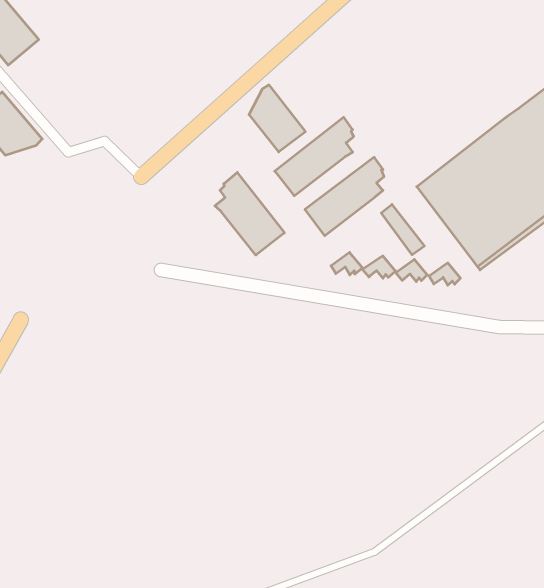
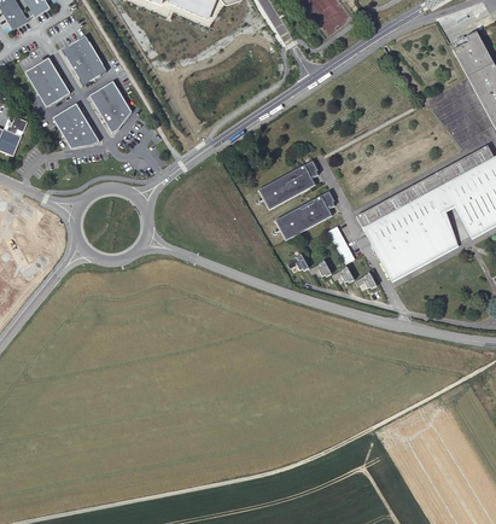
building: none -> [88,80,130,133]
building: [249,85,305,152] -> none
building: [215,172,284,255] -> none

